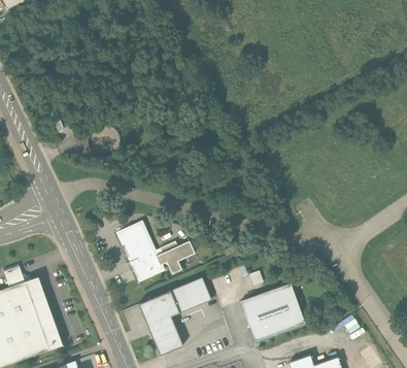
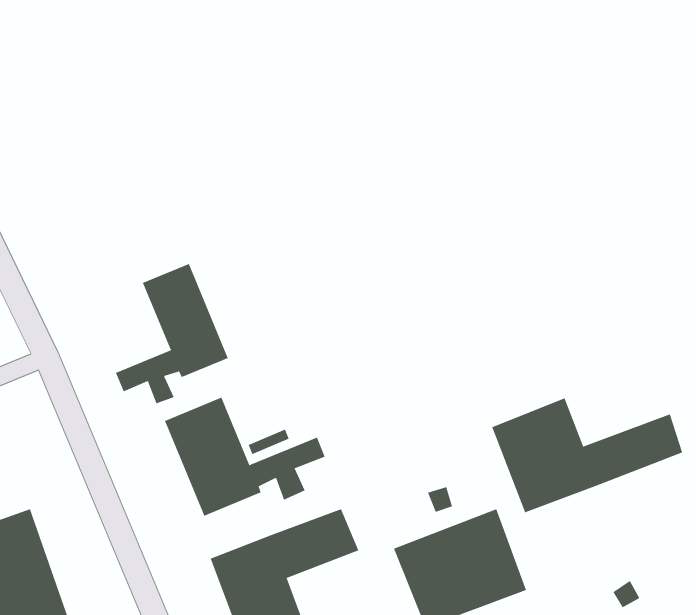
building: none -> [115,263,228,404]
building: none -> [492,398,683,513]

